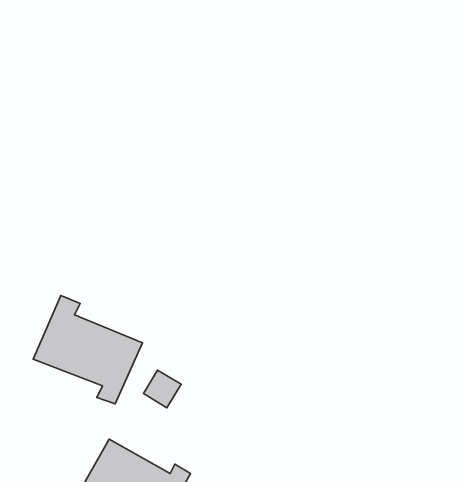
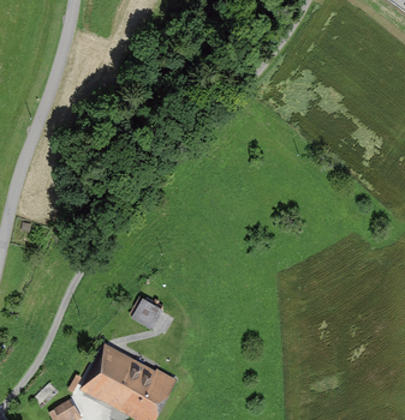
building: [33,296,142,404] -> none

